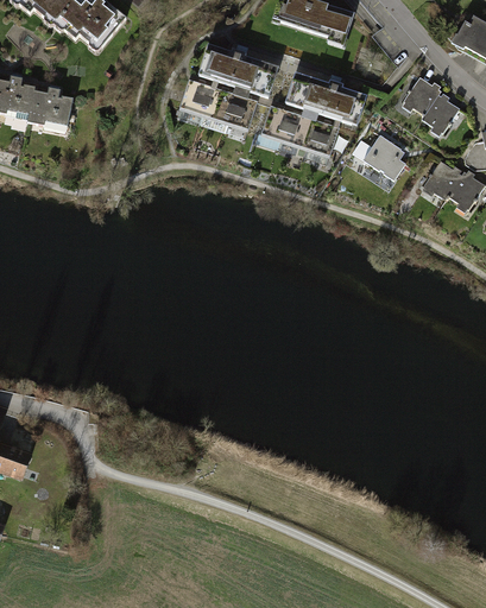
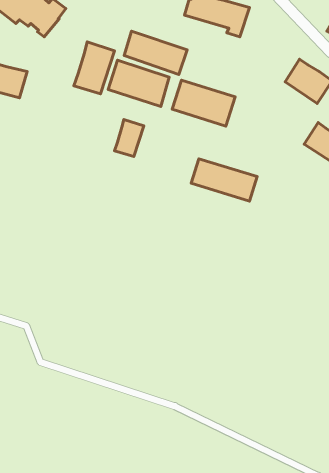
building: none -> [74,42,115,94]
building: [285,71,368,125] -> [191,159,257,201]
building: [361,134,406,183] -> none
building: none -> [114,119,144,157]

